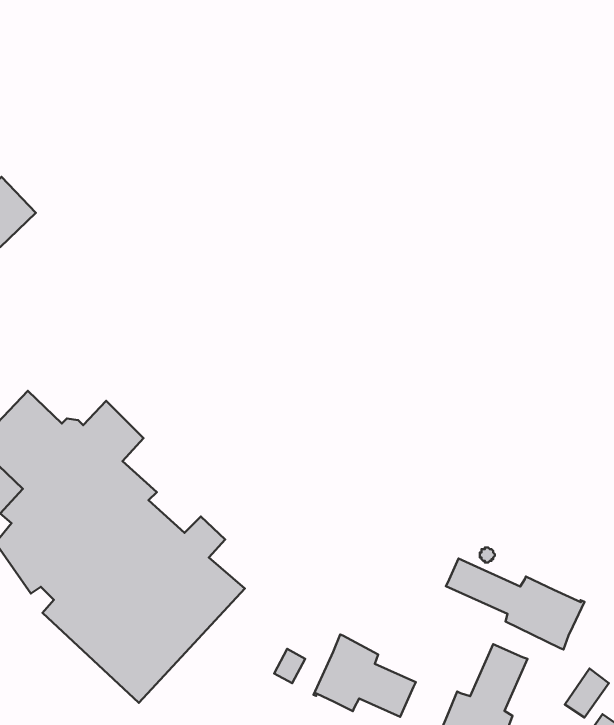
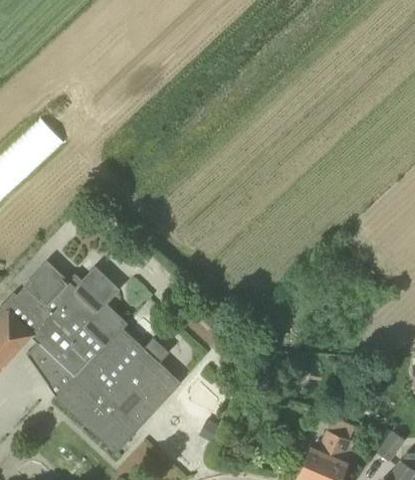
building: [446,559,585,650] -> none
building: [313,635,416,717] -> none

